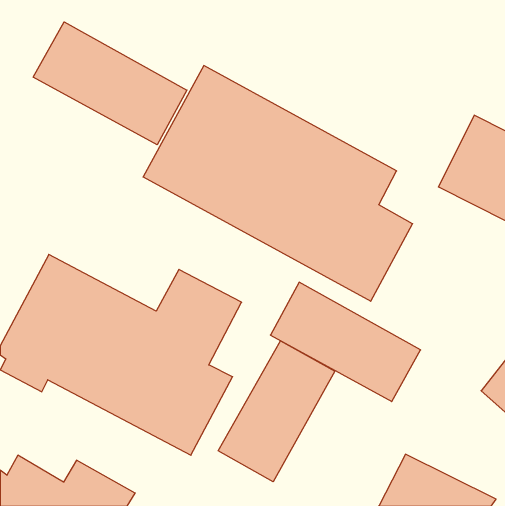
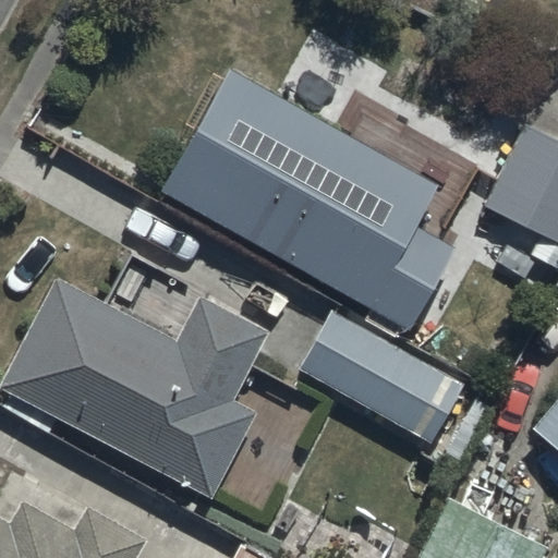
building: [33,22,187,145] -> none
building: [218,341,335,482] -> none

